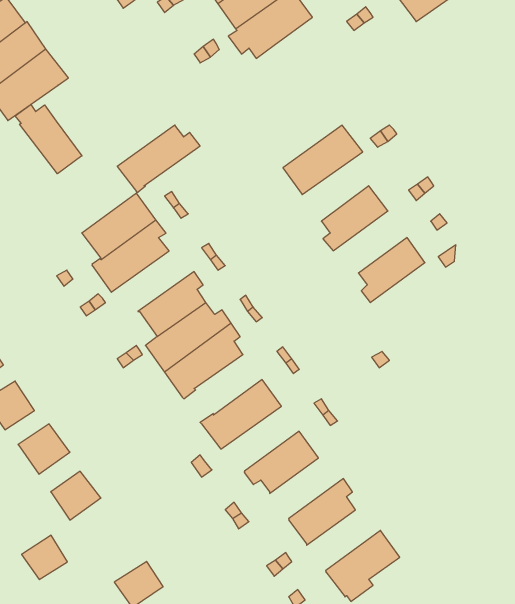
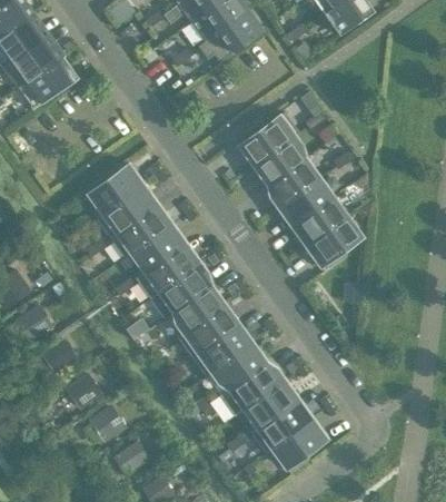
building: [15,104,82,174] -> none
building: [117,125,200,193] -> [111,206,174,257]
building: none -> [255,131,305,184]
building: none -> [278,176,334,223]
building: none -> [306,215,361,266]
building: none -> [174,284,225,329]
building: none -> [194,323,252,375]
building: none -> [220,362,286,414]
building: none -> [251,401,314,452]
building: [22,535,67,580] -> [90,405,125,439]

